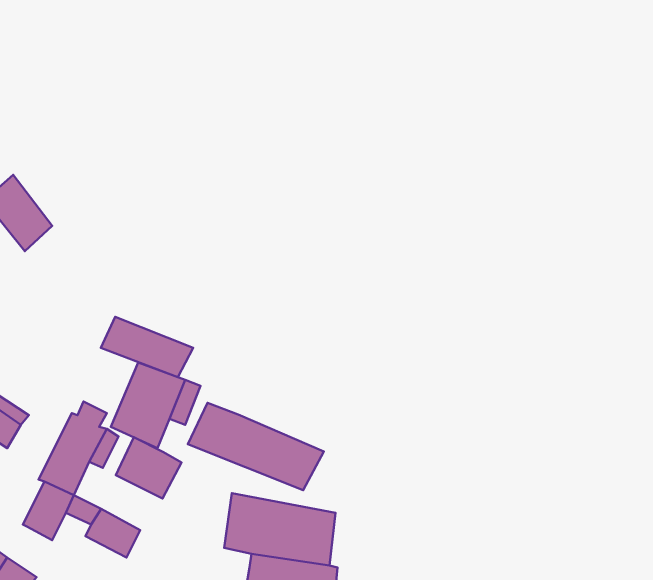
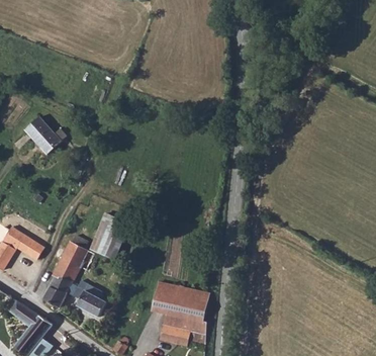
building: [101,317,193,377] -> none
building: [188,403,324,490] -> none
building: [116,437,181,498] -> none

